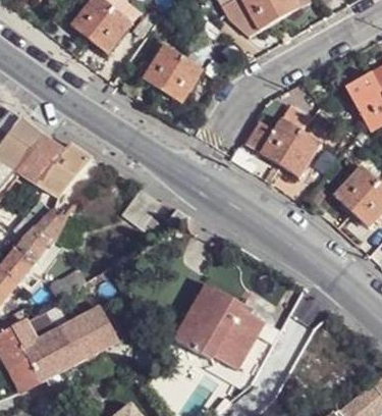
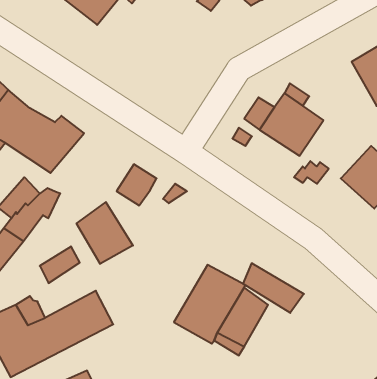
building: [141,47,200,107] -> none
building: none -> [77,202,133,264]
building: none -> [243,263,304,313]

